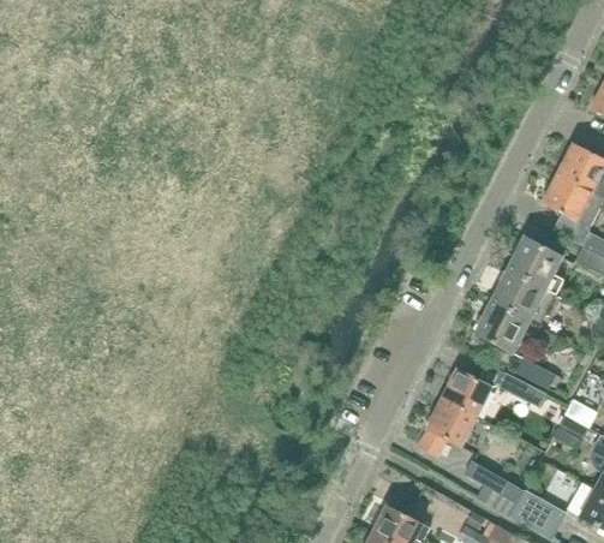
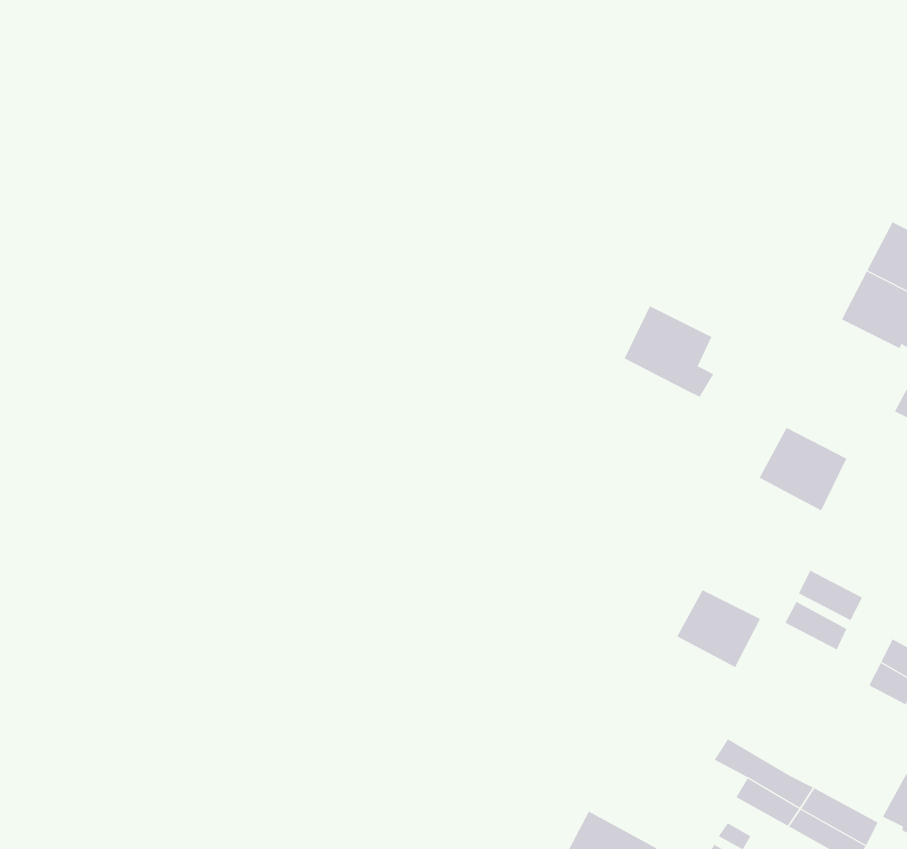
building: [508,237,563,293] -> [624,305,714,398]
building: [474,300,530,352] -> none
building: [418,398,477,455] -> none

